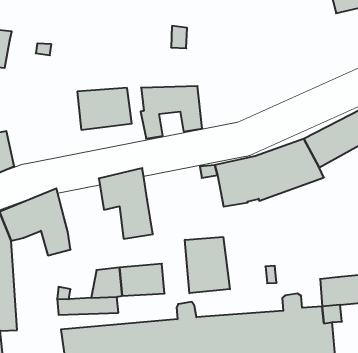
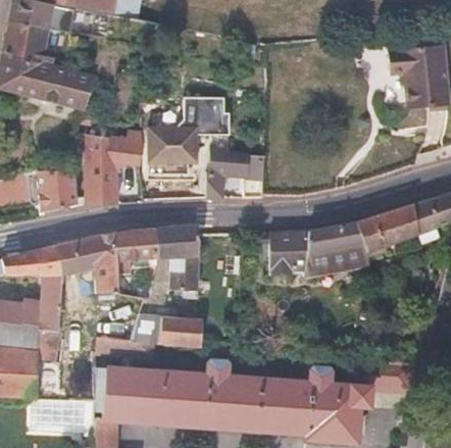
building: none -> [148,99,231,147]
building: none -> [85,134,142,206]
building: none -> [113,229,155,275]
building: [185,237,230,293] -> none

